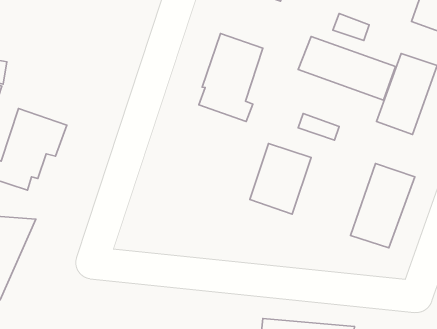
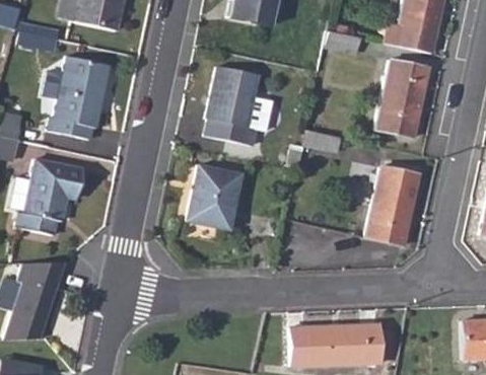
building: none -> [56,57,117,140]
building: [298,37,395,100] -> none
building: [250,144,311,214] -> [189,163,241,227]

